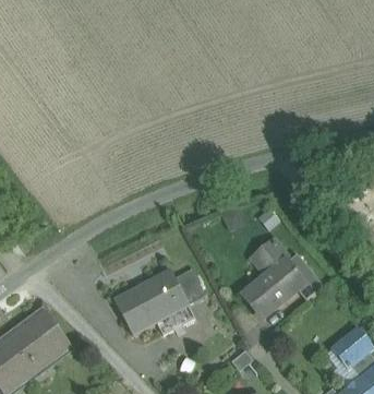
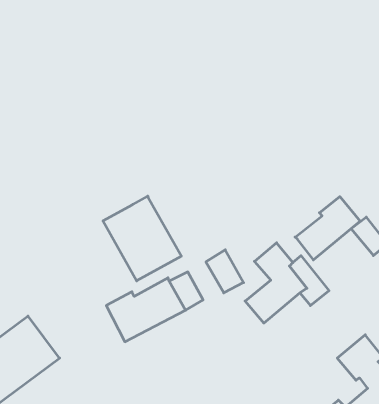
building: none -> [103,196,181,281]
building: none -> [295,197,360,260]
building: none -> [206,250,244,293]

